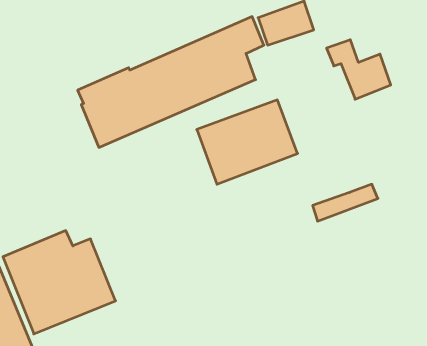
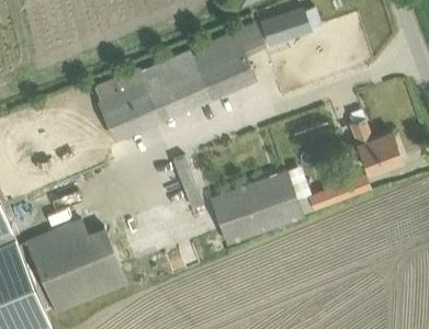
building: [327,40,391,99] -> [342,121,402,175]
building: [197,100,298,184] -> [210,168,303,246]

